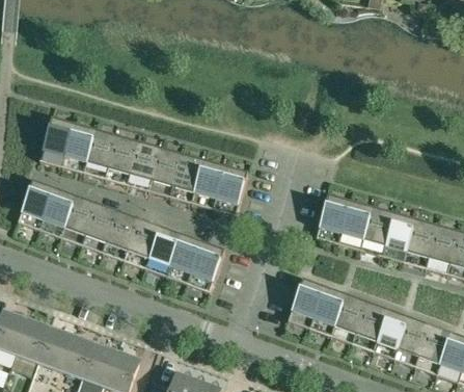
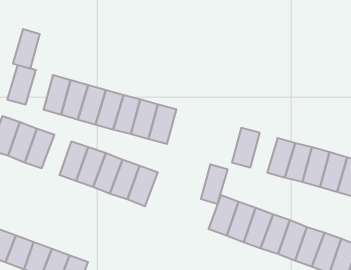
building: [61,122,94,171] -> [13,29,40,69]
building: [338,200,372,249] -> [201,164,228,204]
building: [81,202,117,252] -> none

